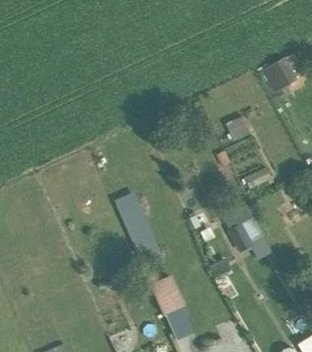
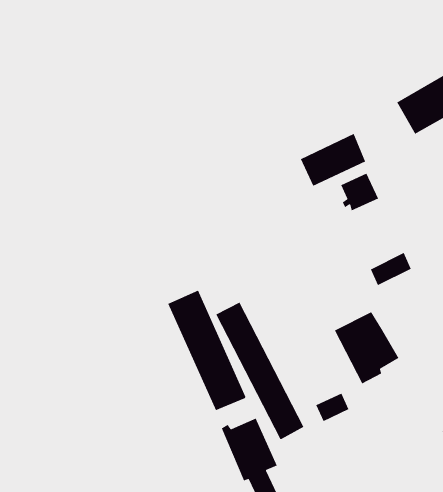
building: none -> [300,133,366,187]
building: none -> [215,301,304,440]

